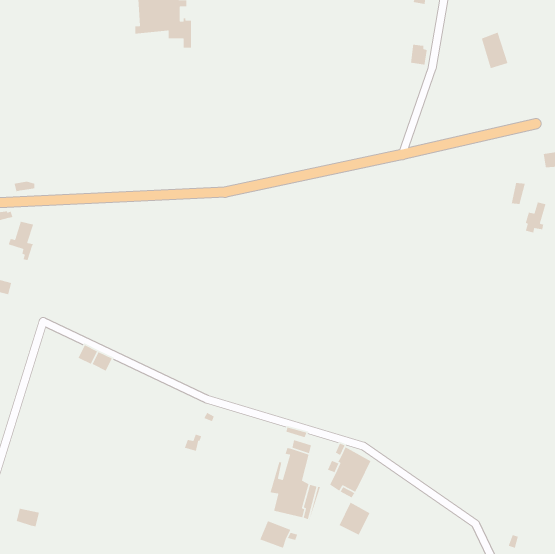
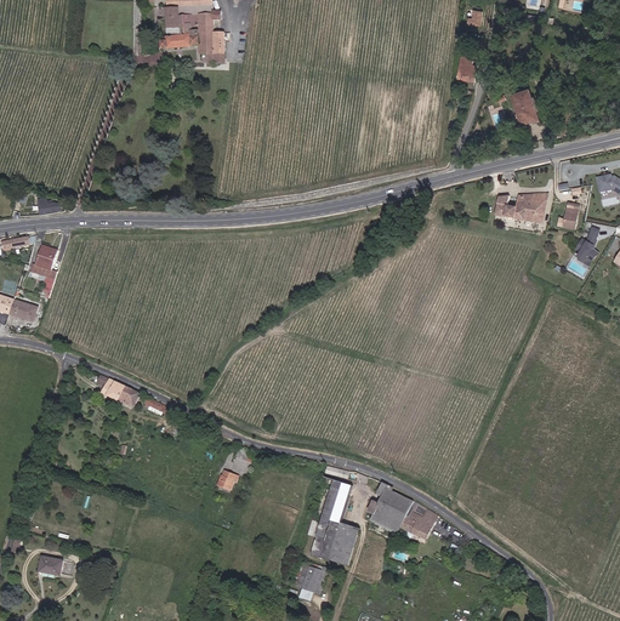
building: [481,31,508,69] -> [511,85,540,125]
building: none -> [493,194,547,224]
building: [339,502,371,536] -> [402,501,436,537]

